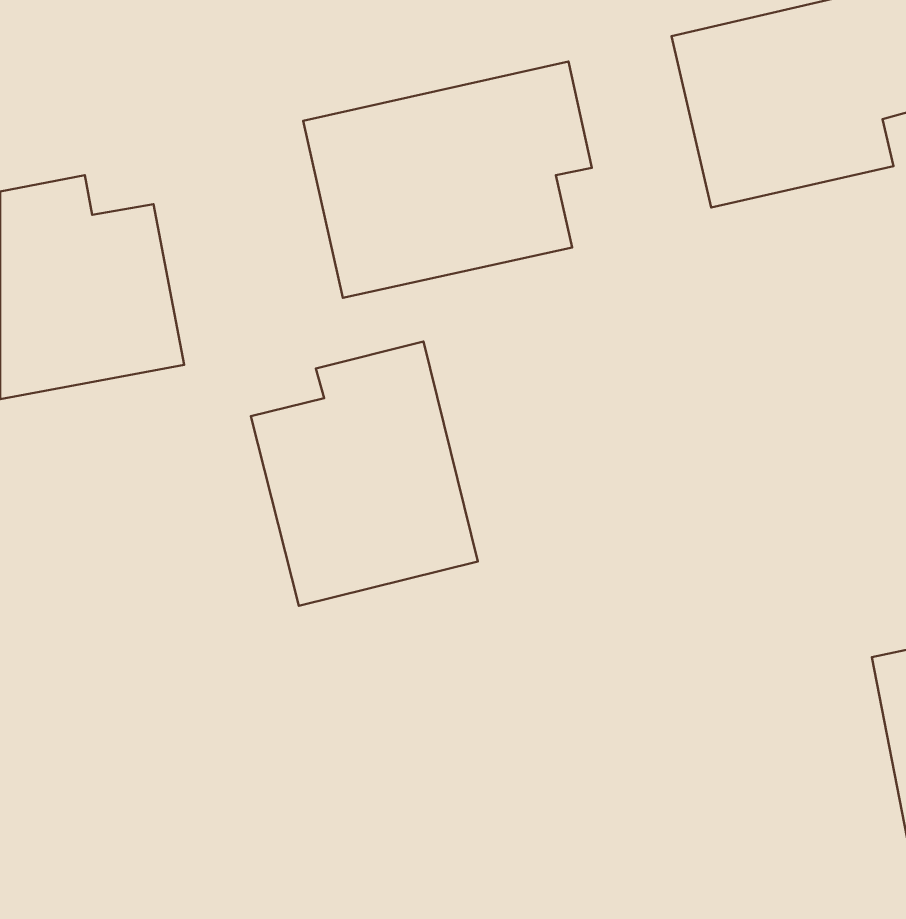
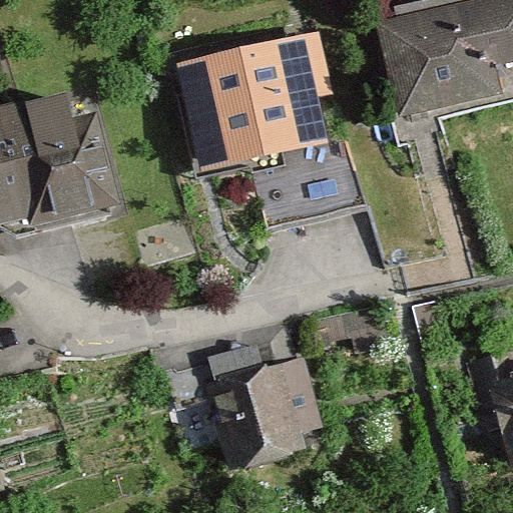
building: [251,341,478,606] -> none
building: none -> [214,360,315,458]

